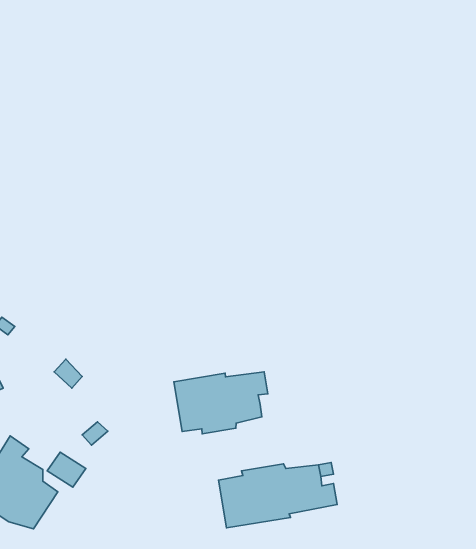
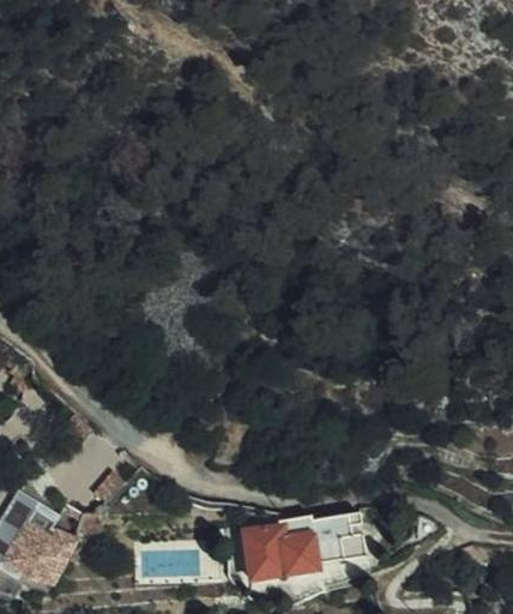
building: [174,372,268,434] -> none

